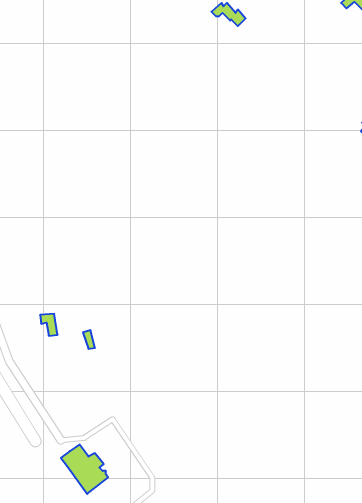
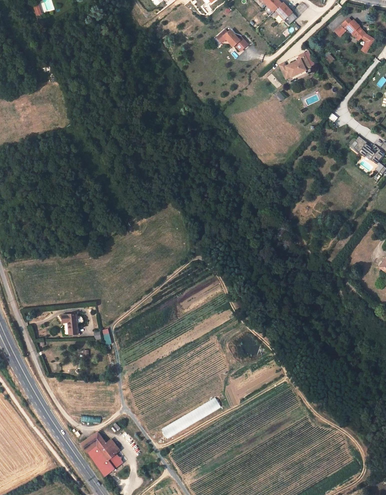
building: none -> [279,51,312,76]

